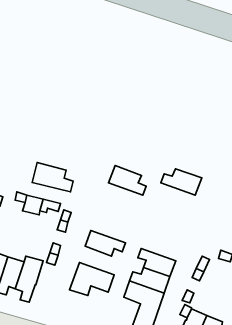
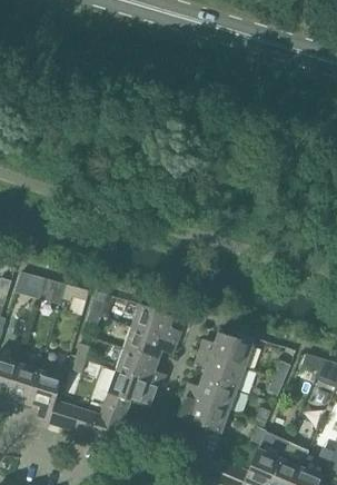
building: [32,163,73,192] -> none
building: [108,166,146,195] -> [130,303,181,343]
building: [161,169,202,195] -> [198,331,254,367]
building: none -> [115,347,166,386]
building: none -> [47,399,126,445]

